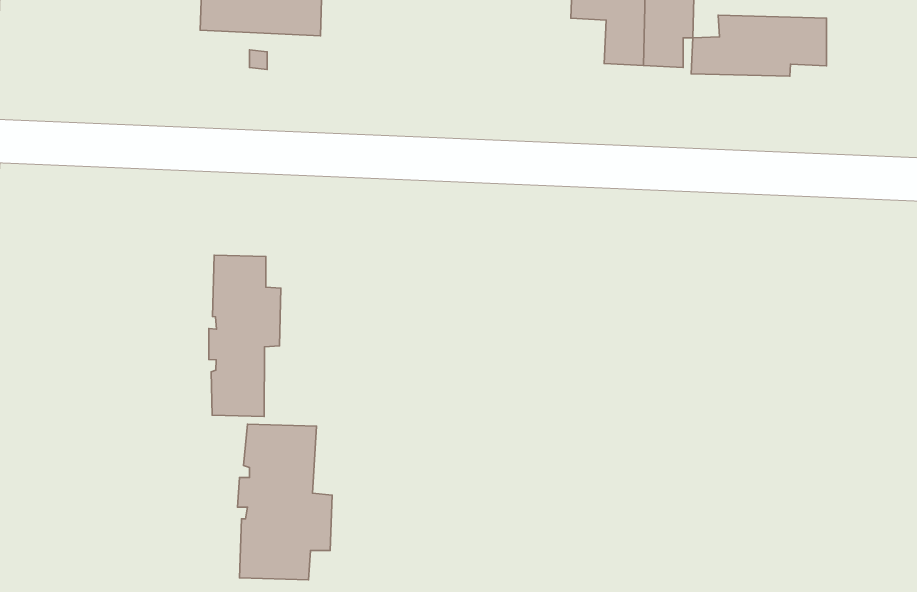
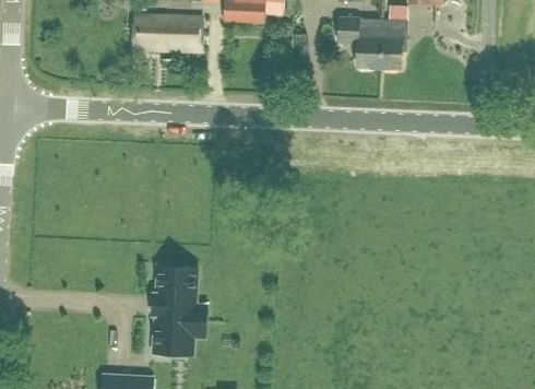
building: [691,15,826,76] -> none
building: [209,255,281,417] -> none

